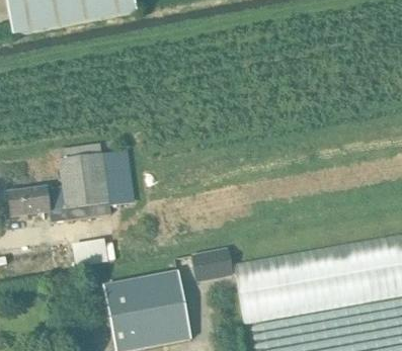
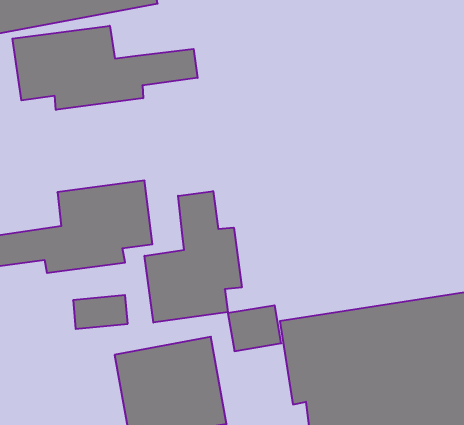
building: none -> [12,26,198,110]
building: none -> [145,191,242,323]

